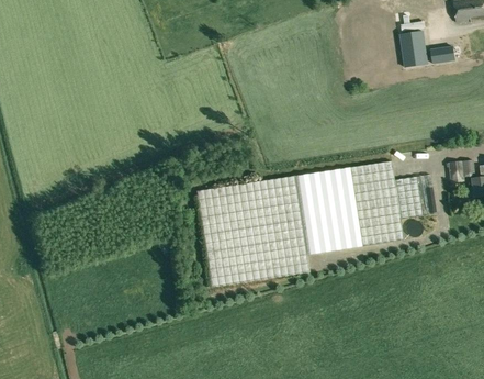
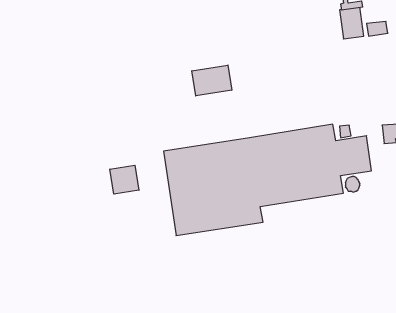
building: none -> [192,65,232,96]
building: none -> [110,165,139,194]

